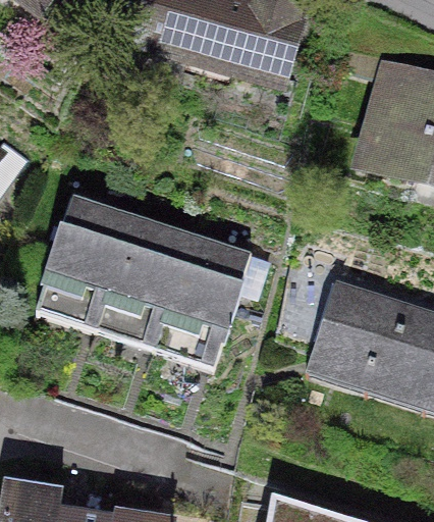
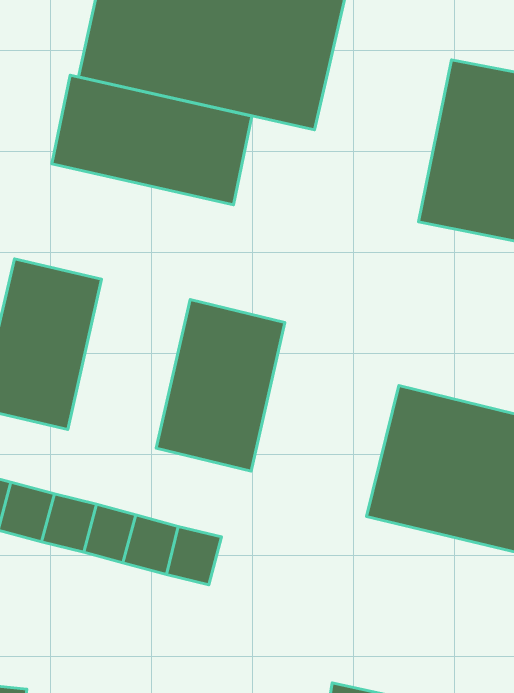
building: none -> [52,75,252,205]
building: [103,198,194,317] -> none

